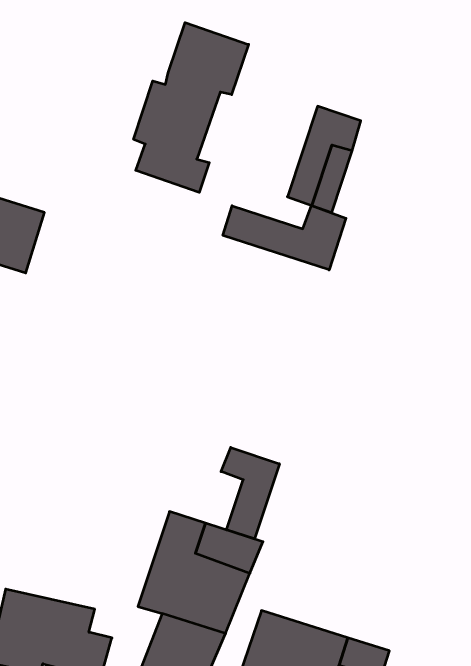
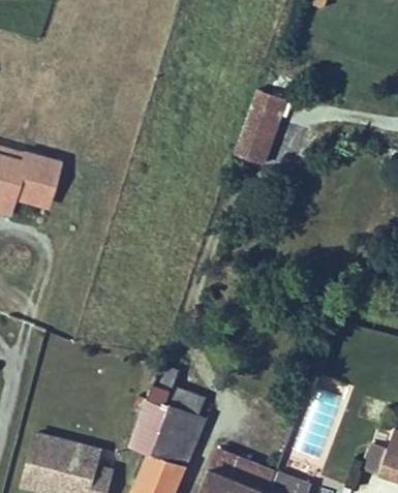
building: [134,23,249,192] -> none
building: [223,205,346,270] -> none
building: [221,447,279,539] -> none

